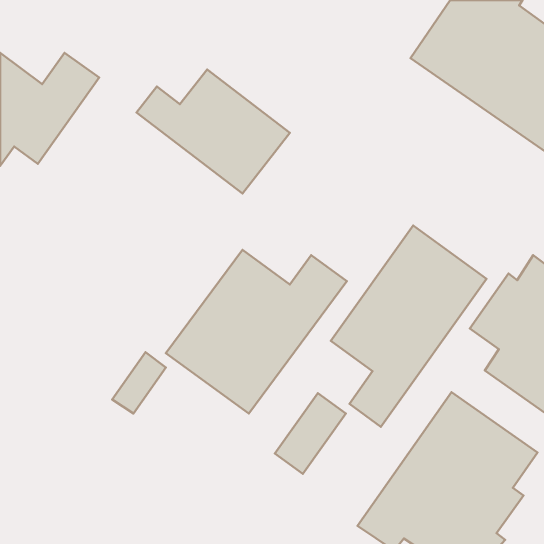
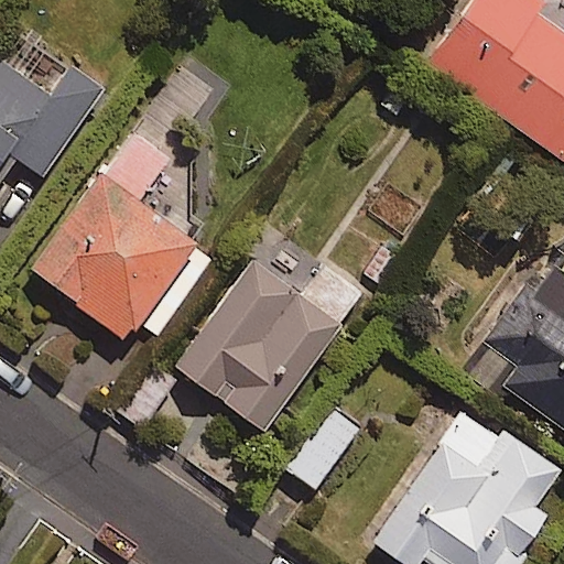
building: [136,69,290,194] -> none
building: none -> [30,134,210,337]
building: [331,225,486,427] -> none

